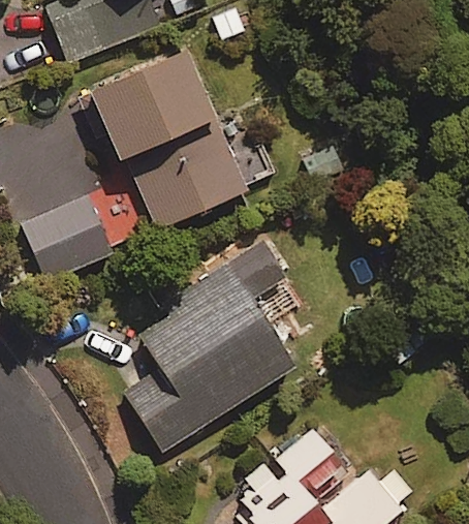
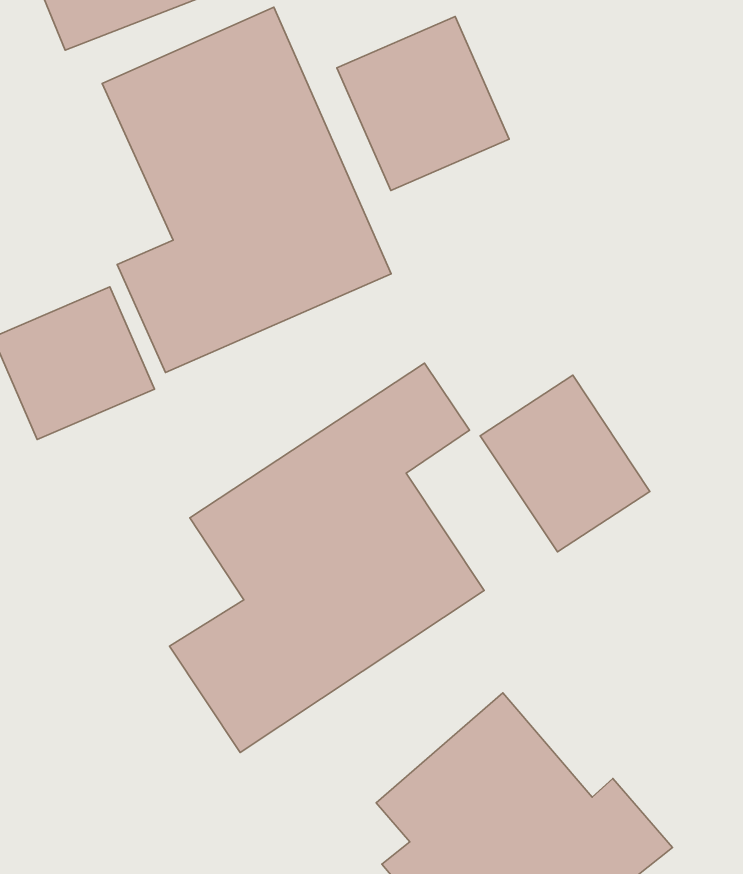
building: none -> [337,17,509,190]
building: none -> [480,375,650,552]

